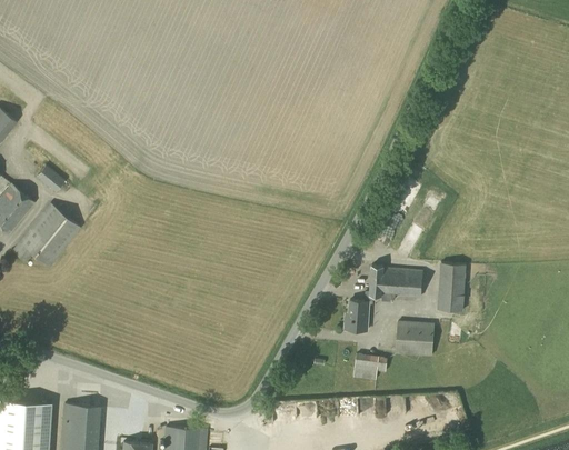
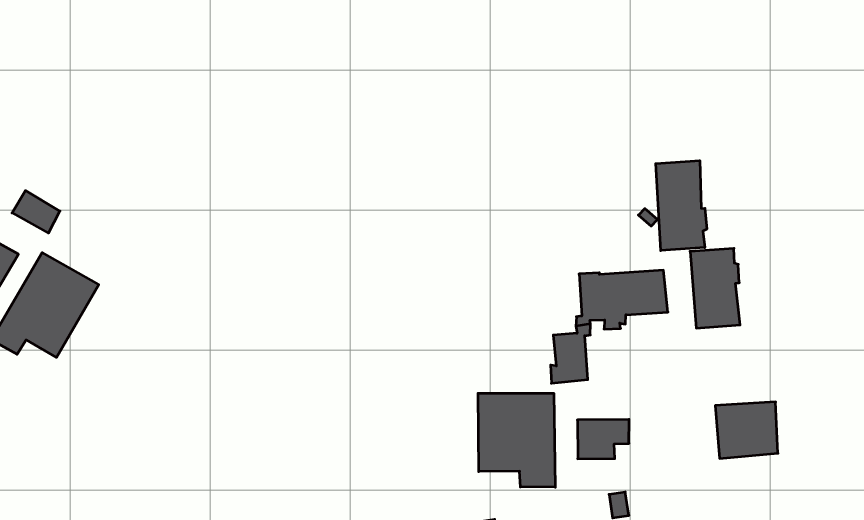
building: none -> [656,161,707,251]
building: [396,321,435,356] -> [715,402,778,458]
building: none -> [478,393,555,487]

